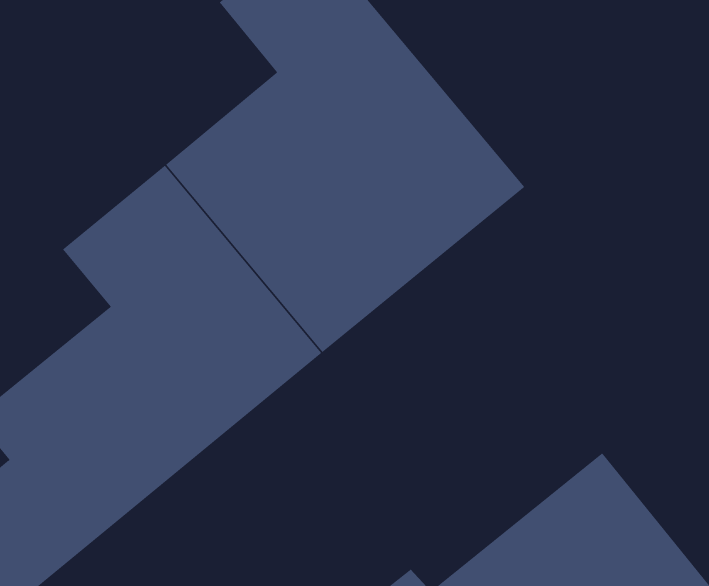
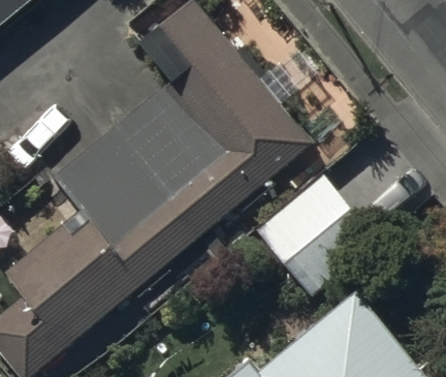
building: none -> [257,176,378,296]

